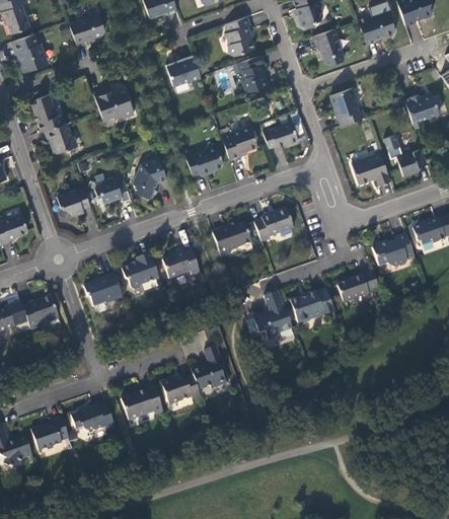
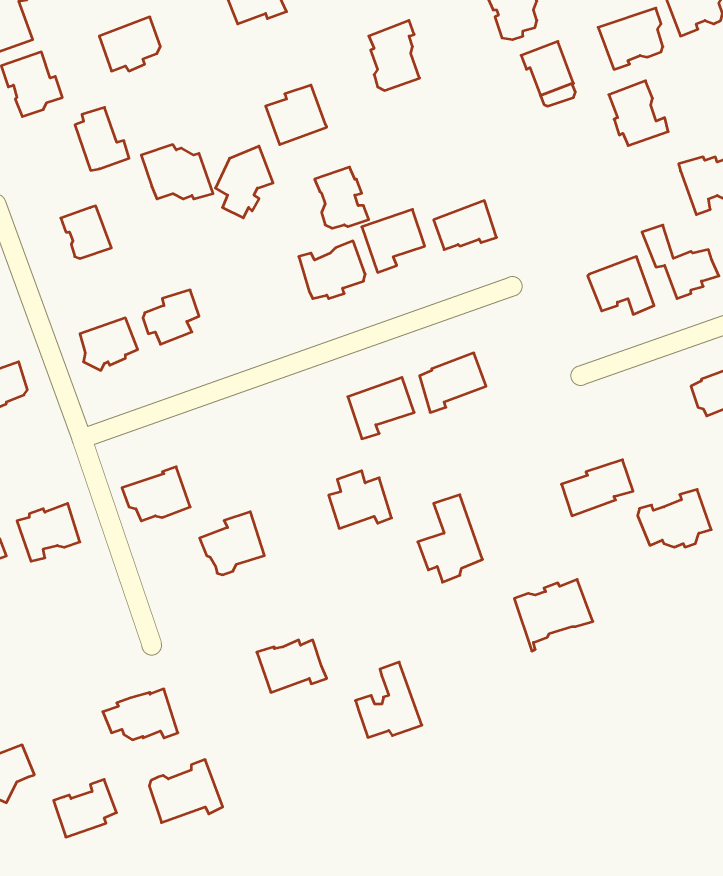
building: [238,55,270,90] -> [315,167,369,228]
building: [330,87,365,125] -> [609,81,668,146]
building: [32,94,64,131] -> [75,107,129,170]
building: [134,157,167,199] -> [215,146,273,218]
building: [371,232,414,266] -> [638,489,711,547]
building: [162,245,199,279] -> [329,471,392,528]
building: [121,253,158,290] -> [200,512,264,575]
building: [289,288,334,329] -> [514,579,593,651]
building: [191,346,229,389] -> [355,662,422,737]
building: [121,384,163,421] -> [149,760,223,823]
building: [31,417,68,450] -> [54,779,117,837]

